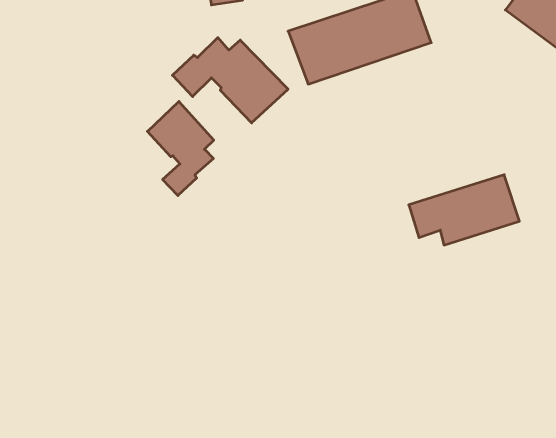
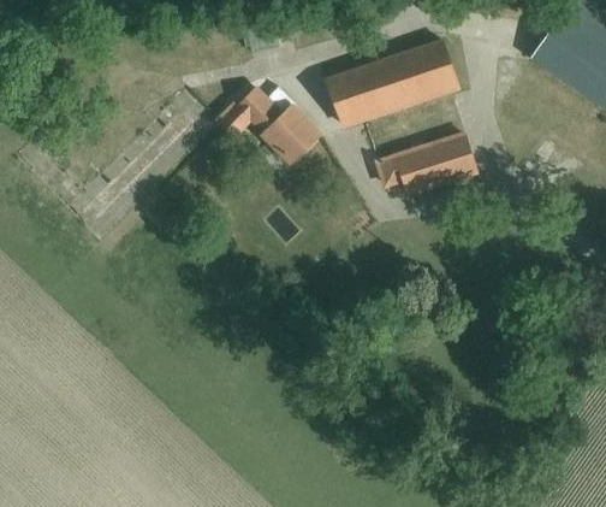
building: [147,101,214,196] -> none
building: [409,175,519,245] -> [373,130,479,198]

